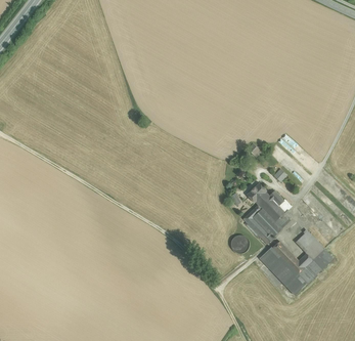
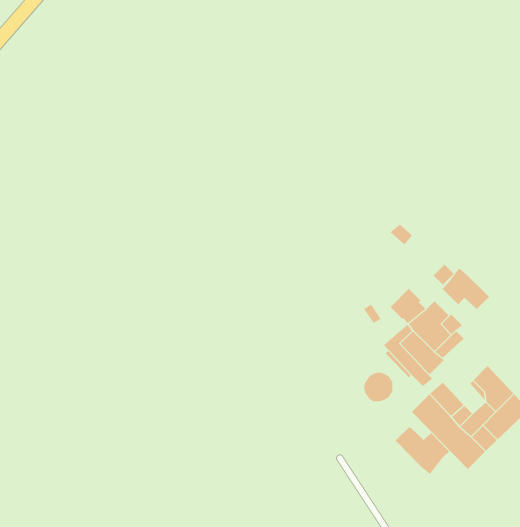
building: none -> [442,268,490,310]
building: none -> [395,426,450,475]

